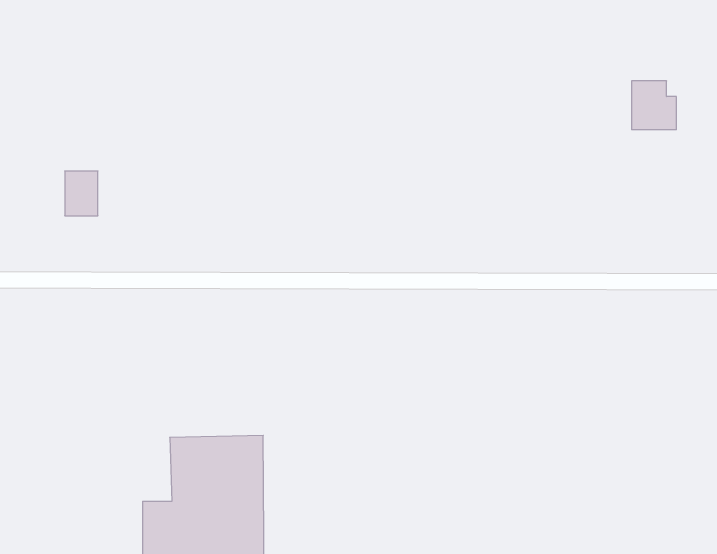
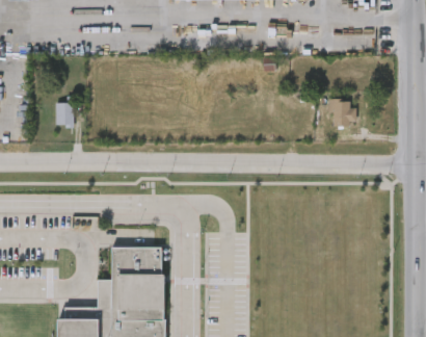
building: [632,81,676,130] -> [332,102,356,128]

